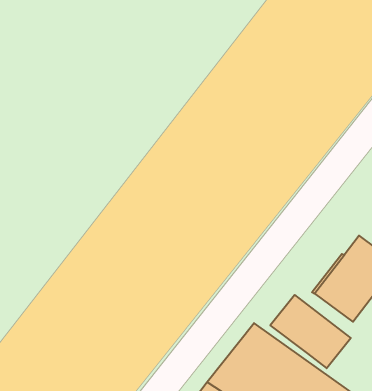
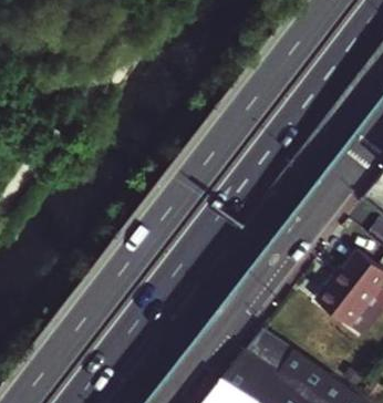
building: [270,295,351,368] -> none

